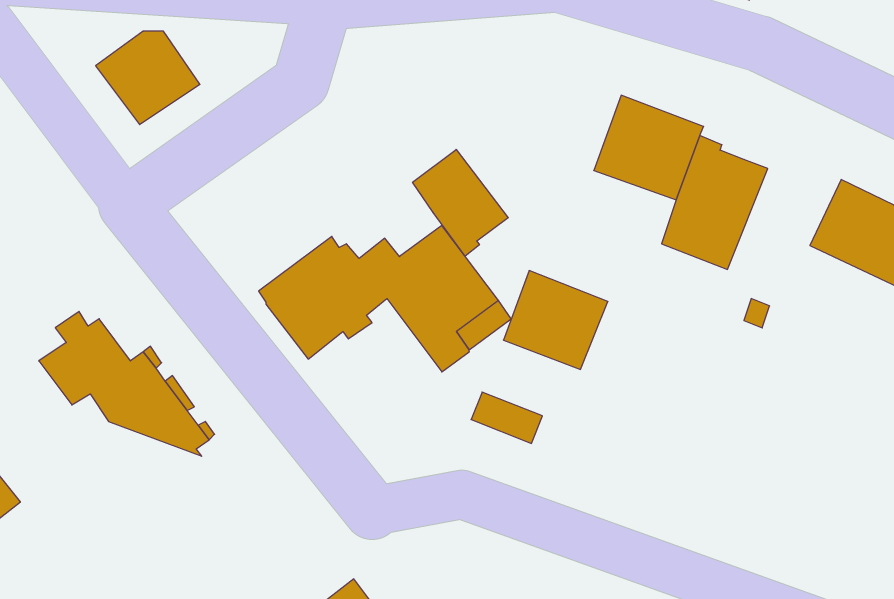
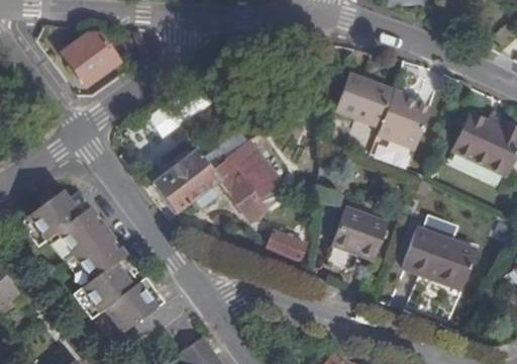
building: [413,149,508,256] -> none
building: [503,271,608,369] -> [330,208,388,263]
building: none -> [403,231,478,289]
building: none -> [67,250,157,334]

